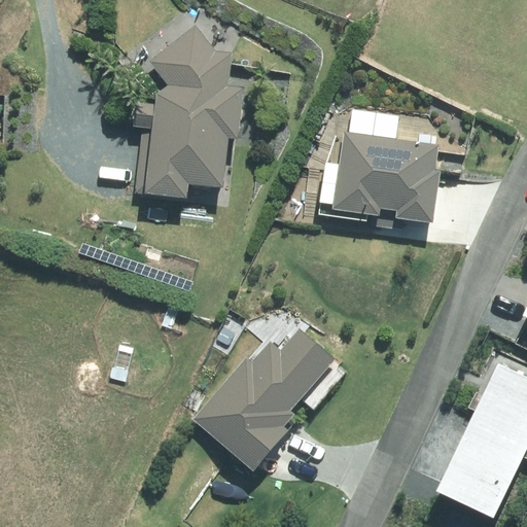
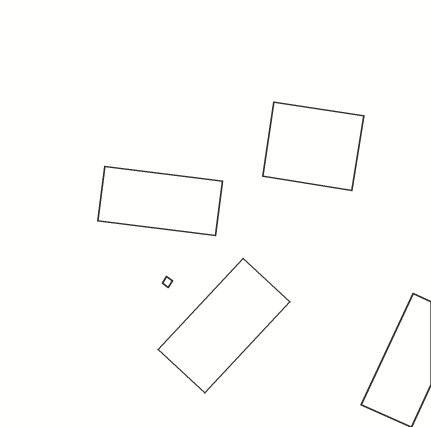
building: [133,22,243,199] -> none
building: none -> [98,166,223,236]

